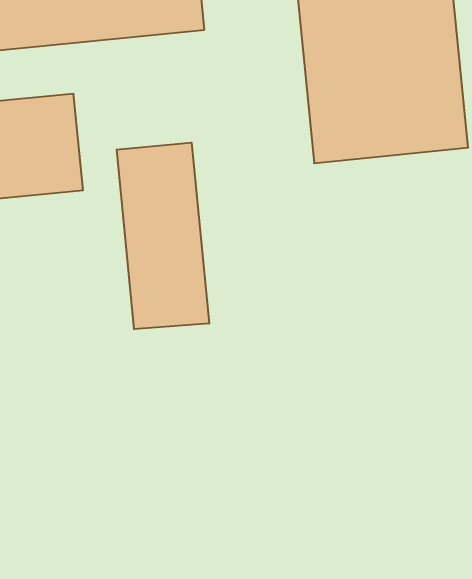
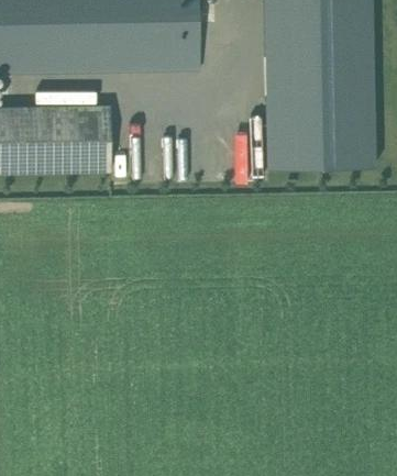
building: [117,143,209,329] -> none

